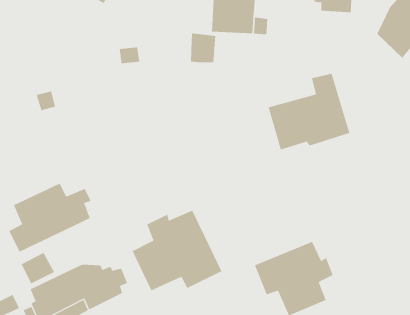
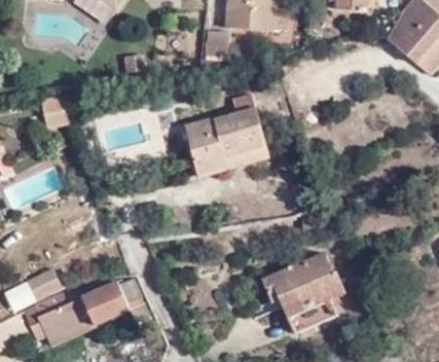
building: [268,73,350,150] -> [187,93,271,172]
building: [8,183,92,253] -> none
building: [132,210,222,291] -> none

